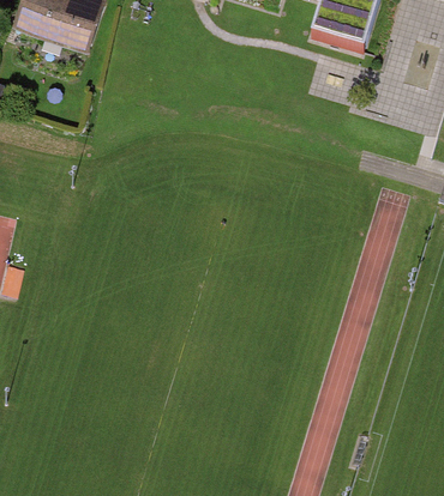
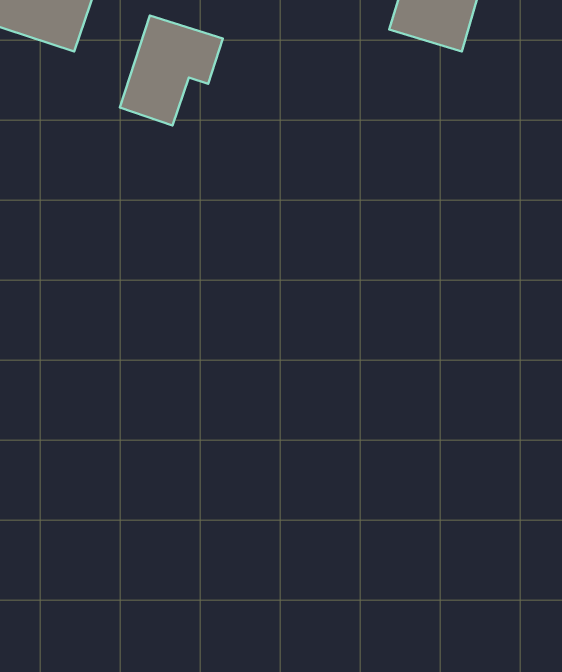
building: none -> [120,16,223,126]

